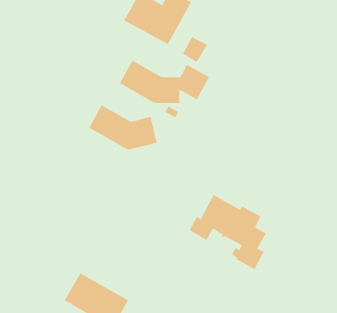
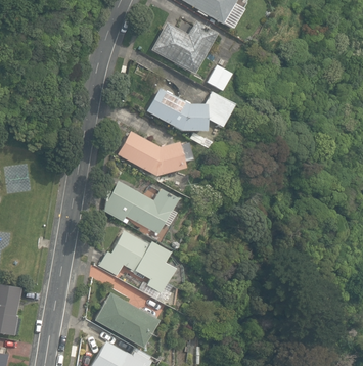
building: none -> [104,181,177,233]
building: [189,194,267,270] -> [99,230,174,303]

